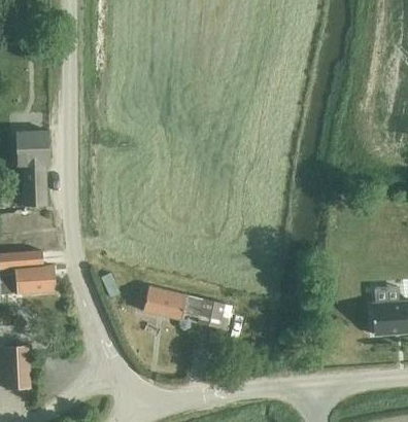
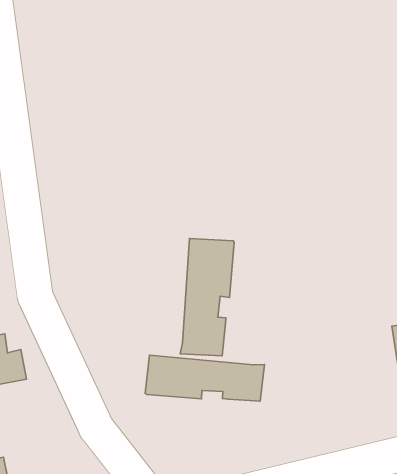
building: none -> [180,238,234,356]

